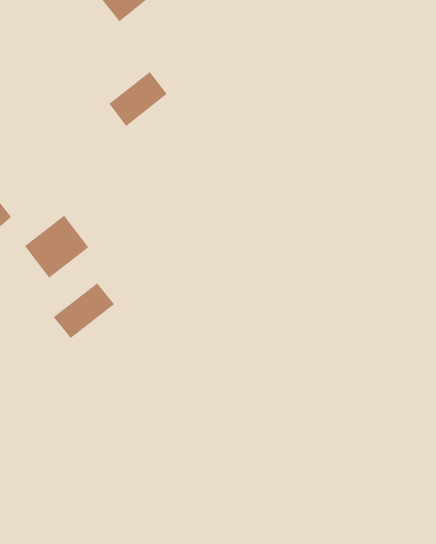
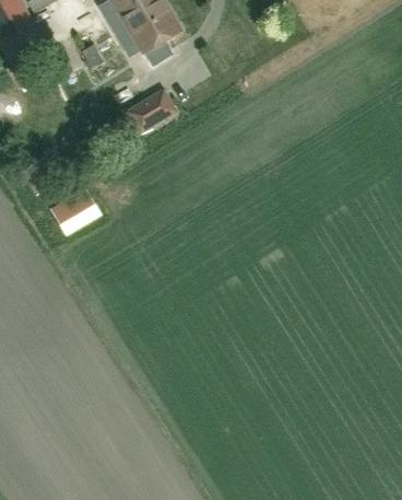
building: [53,283,115,339] -> none

